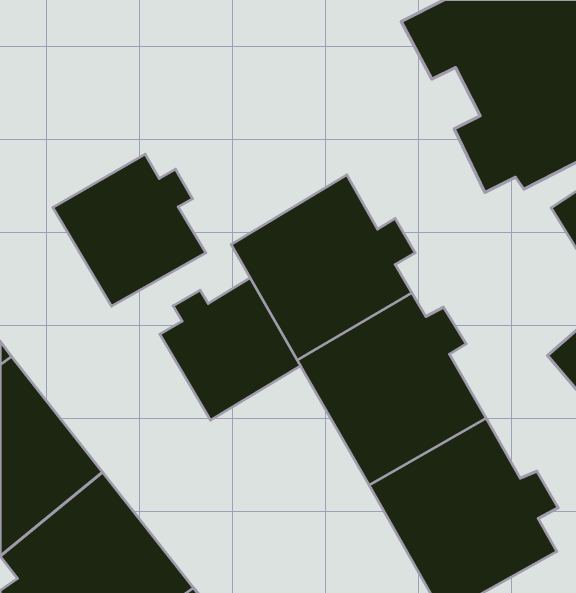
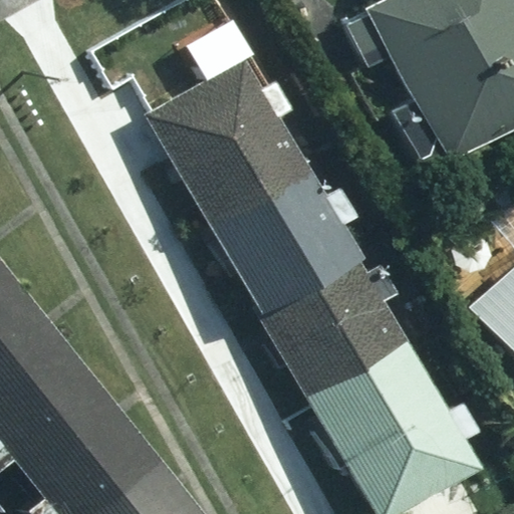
building: none -> [147,59,300,209]
building: [53,154,206,306] -> none
building: [160,278,301,420] -> none

